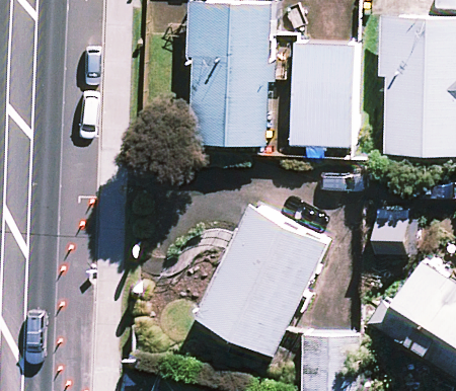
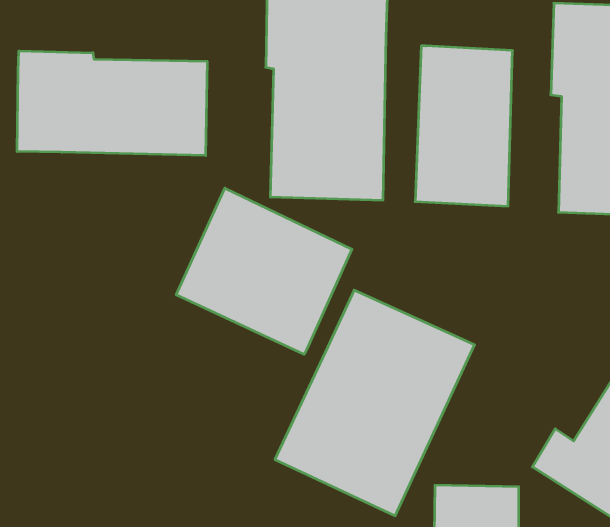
building: none -> [17,51,207,156]
building: none -> [176,188,352,354]

